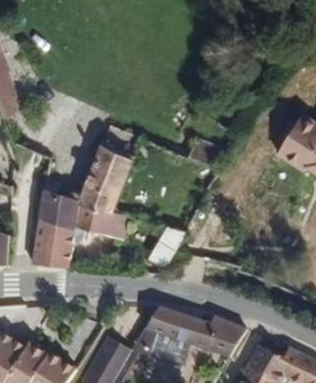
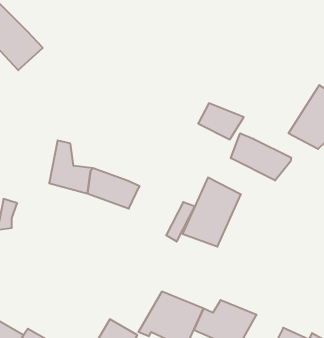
building: [89,139,144,205] -> [182,177,241,247]
building: none -> [231,133,291,181]
building: [39,207,117,261] -> none

